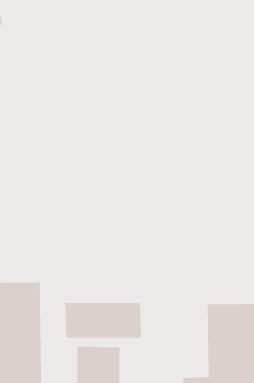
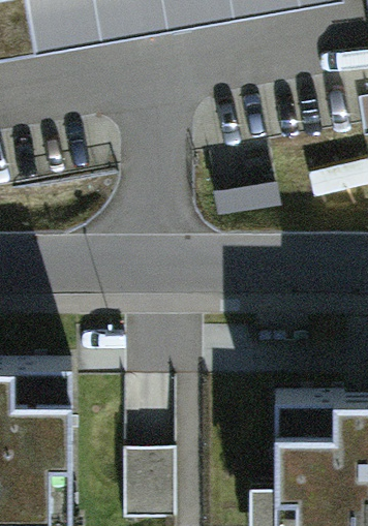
building: [65,302,142,339] -> none

